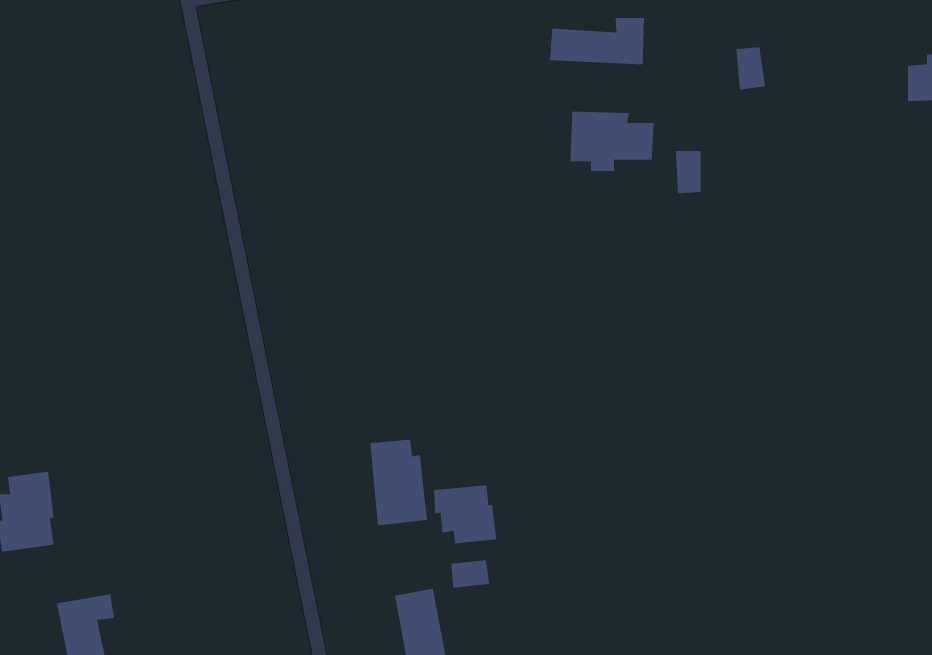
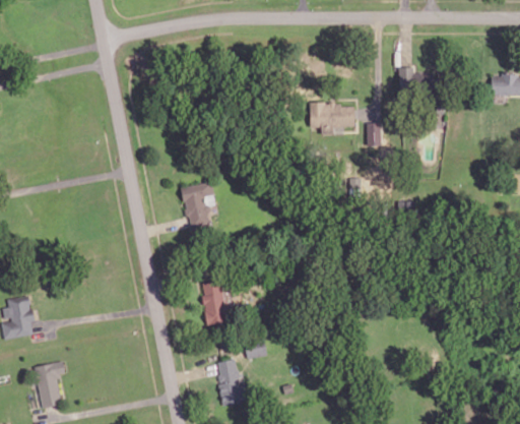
building: [549,17,645,65] -> none
building: none -> [182,183,213,229]
building: [434,485,497,544] -> none

